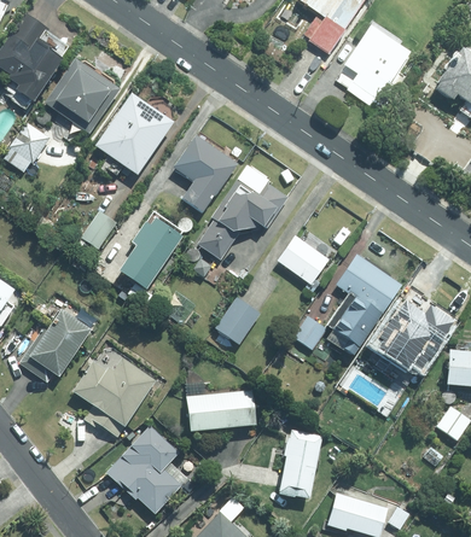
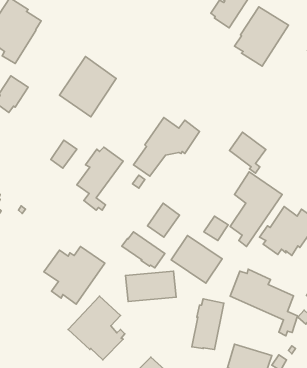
building: [45,57,121,133] -> none
building: [173,134,238,212] -> none
building: [278,234,328,291] -> [229,132,266,173]
building: [19,308,92,380] -> none
building: none -> [122,232,165,268]
building: none -> [171,236,222,283]
building: none -> [230,269,298,336]

